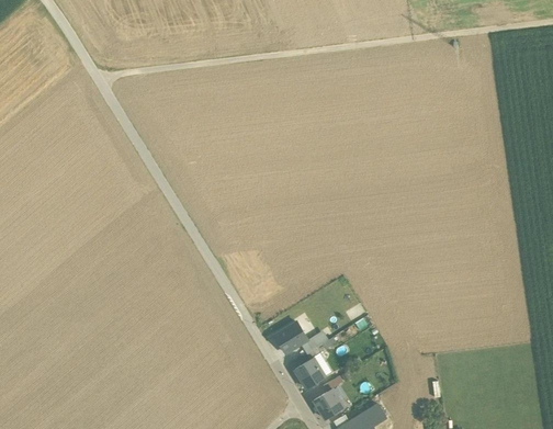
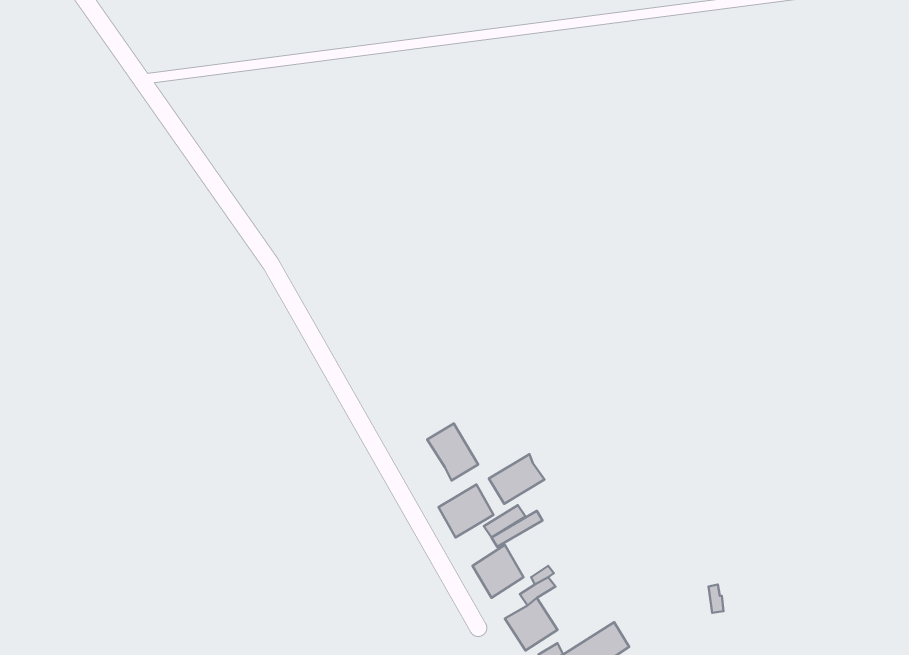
building: none -> [427,424,478,480]
building: none -> [489,454,545,504]

